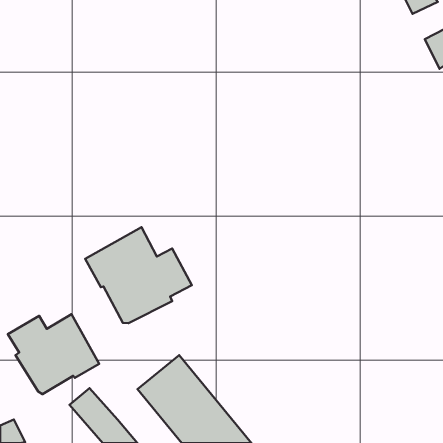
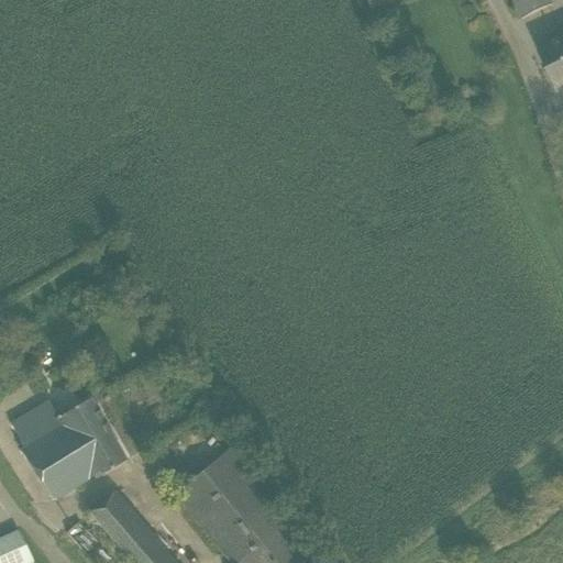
building: [85,227,192,323] -> none

